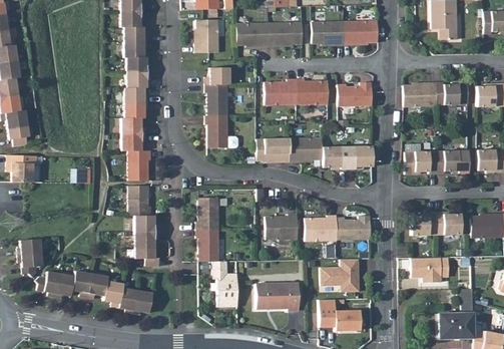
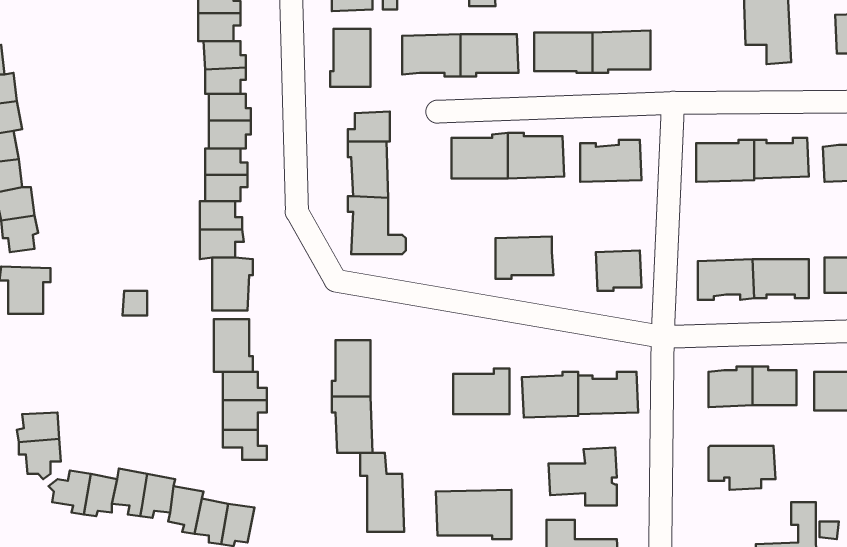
building: [257,139,290,162] -> none
building: [322,147,348,169] -> none

